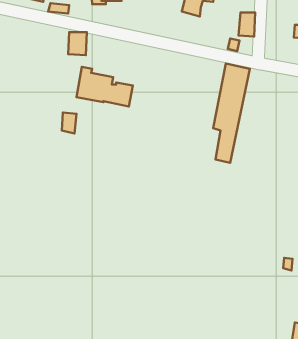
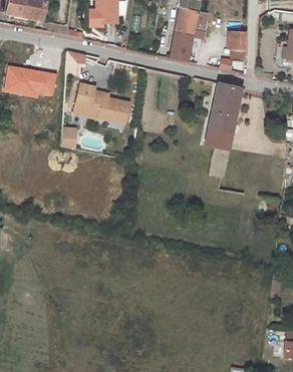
building: none -> [171,32,194,61]
building: none -> [6,67,56,97]

